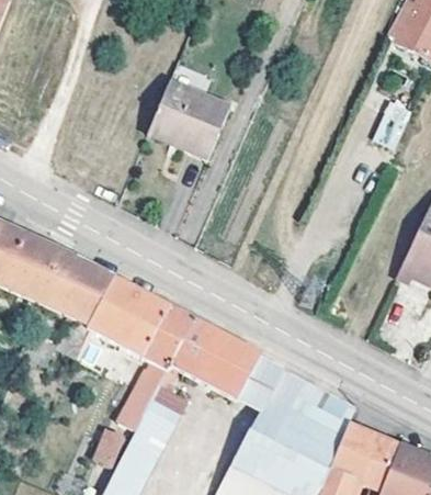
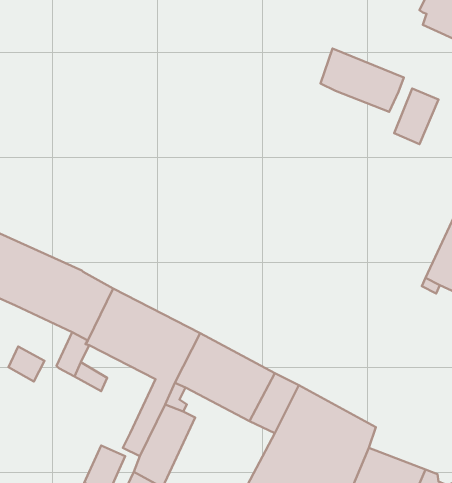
building: none -> [320,48,404,112]
building: [148,82,230,158] -> none

